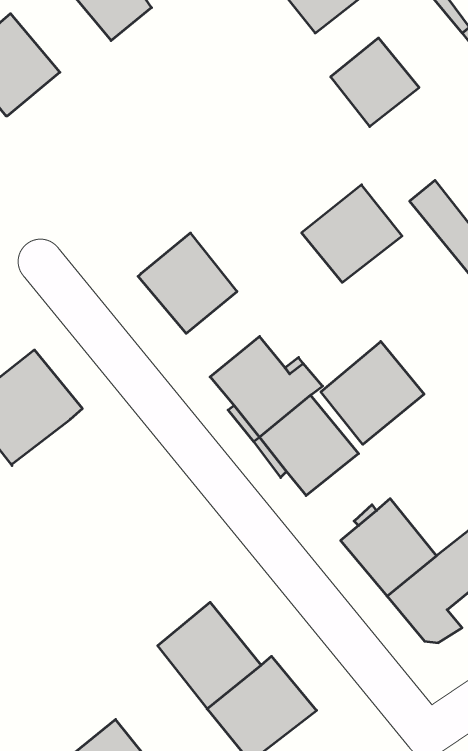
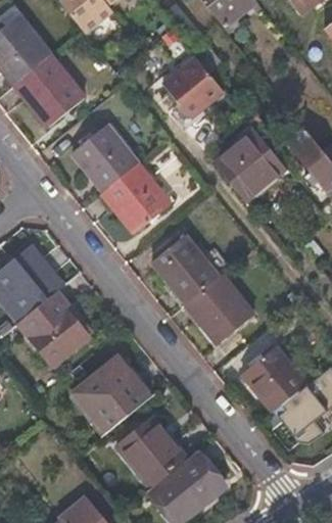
building: [331,38,419,127] -> [162,58,223,118]
building: none -> [14,55,86,128]
building: none -> [74,126,139,192]
building: [321,341,424,444] -> none
building: none -> [17,291,89,366]
building: none -> [72,355,150,433]

